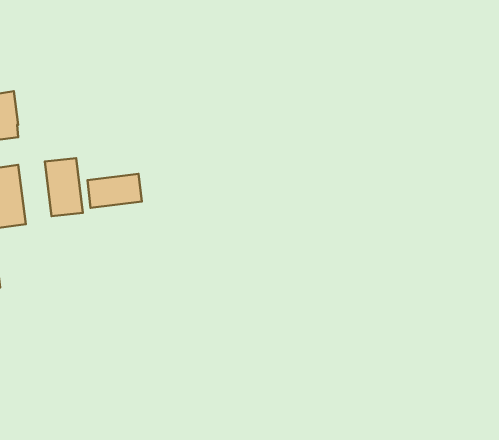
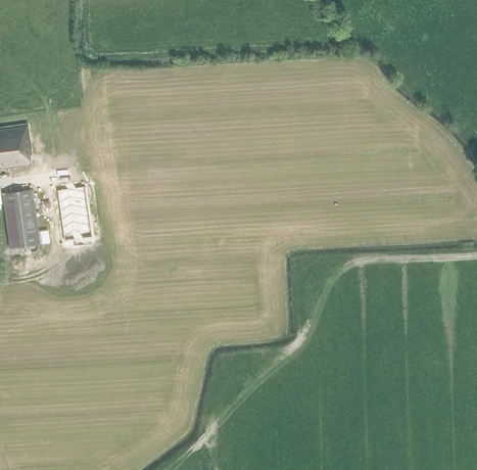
building: [87,174,142,208] -> none

